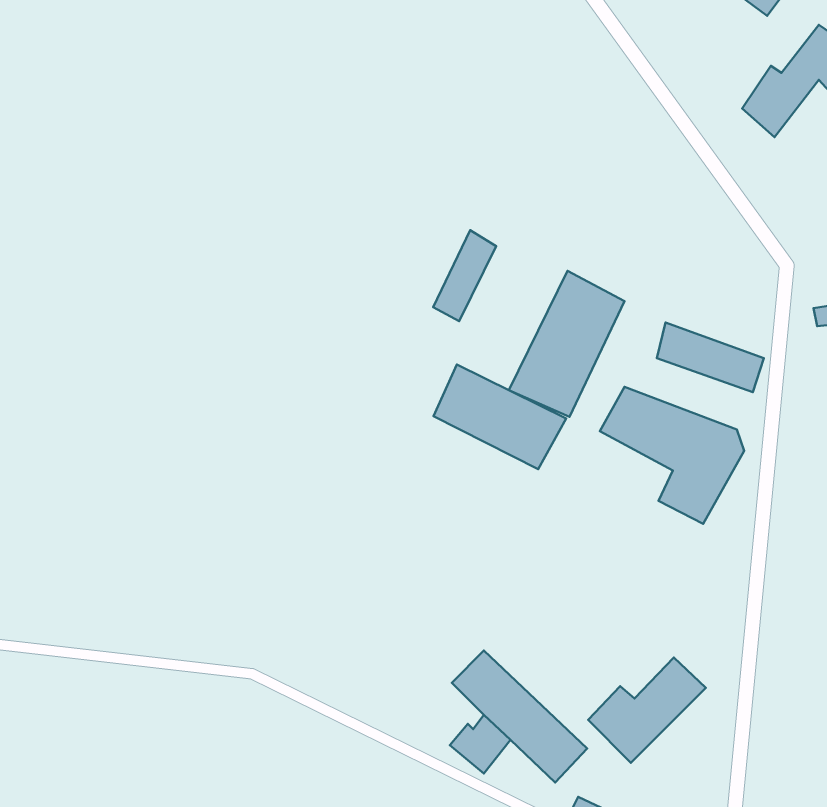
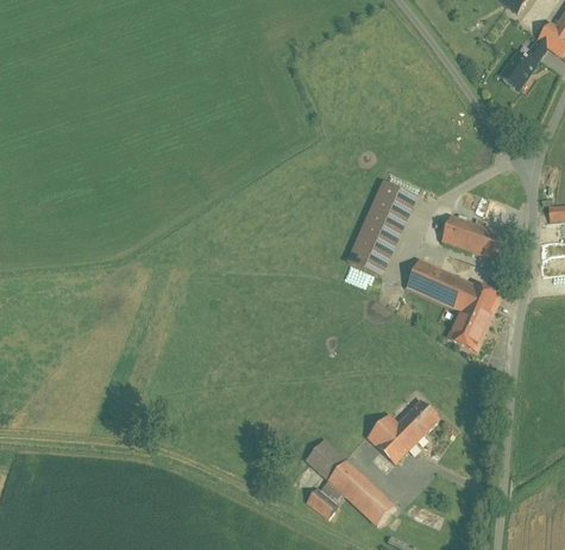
building: [433,230,496,321] -> none
building: [433,365,566,469] -> none
building: [588,658,706,763] -> [365,394,444,464]

